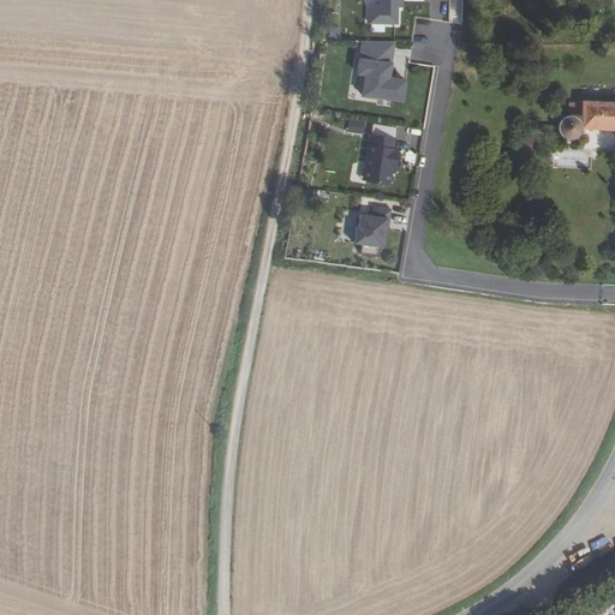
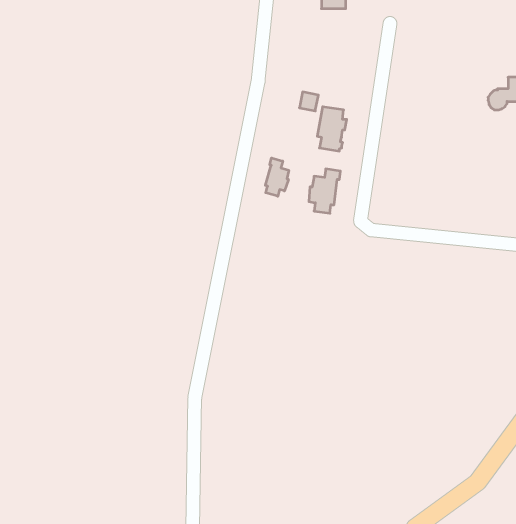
building: [358,41,406,101] -> none
building: none -> [265,158,289,196]

